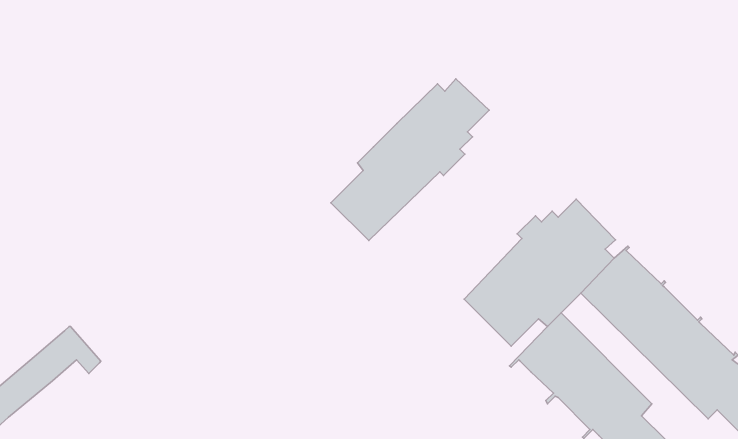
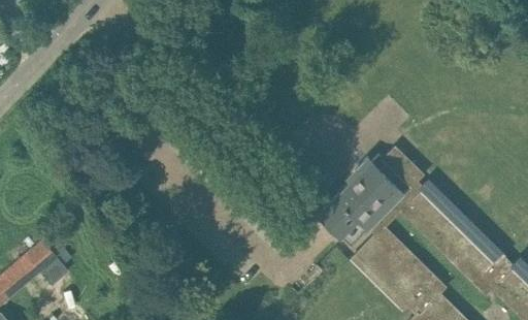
building: [331,79,489,241] -> none

